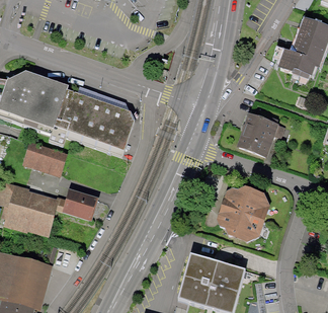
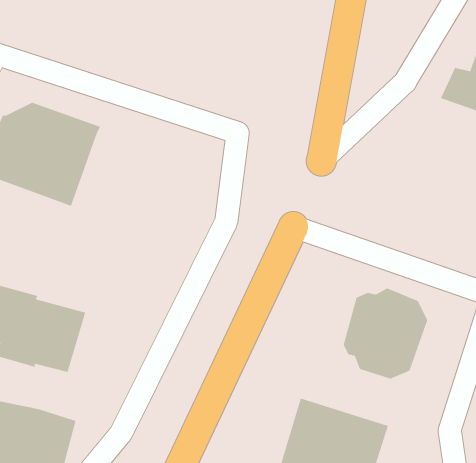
building: [50,88,135,155] -> none
building: [238,116,279,160] -> none
building: [22,142,68,177] -> none
building: [62,187,98,220] -> none

